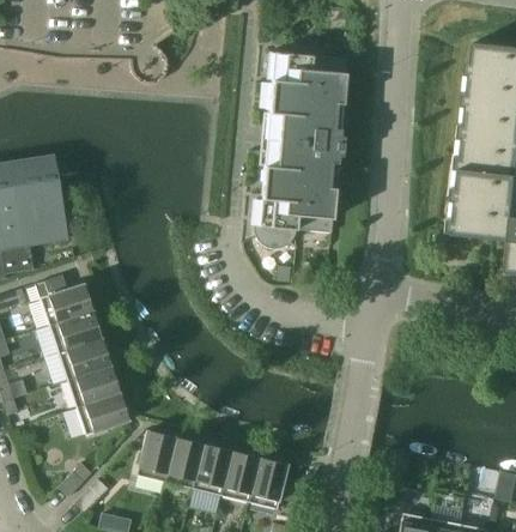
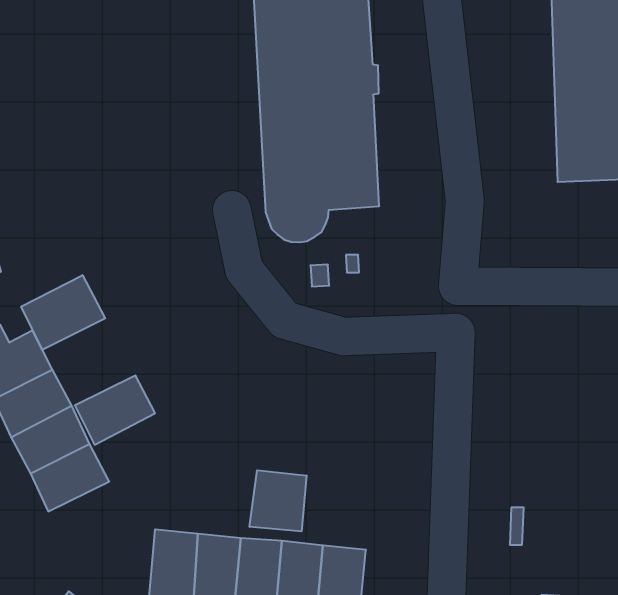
building: none -> [21,275,105,350]
building: [77,392,130,435] -> [75,375,155,445]
building: none -> [250,470,307,531]

